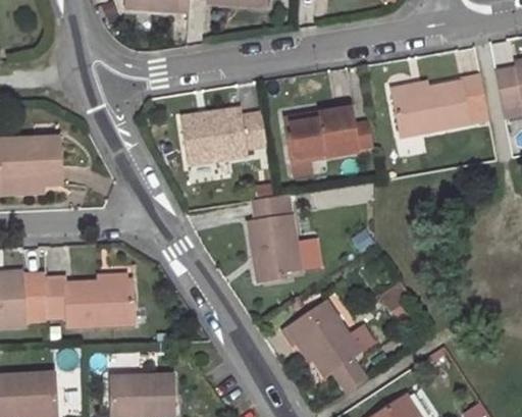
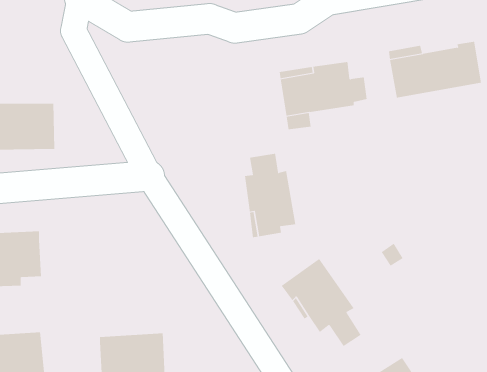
building: [184,106,269,160] -> none
building: [46,276,133,324] -> none

